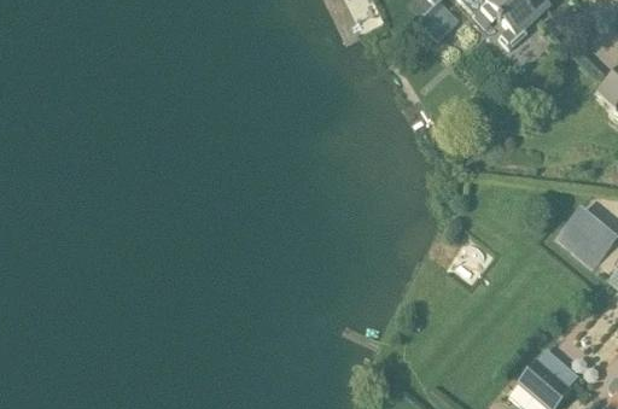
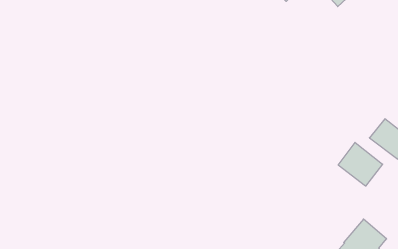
building: none -> [338,142,383,186]

